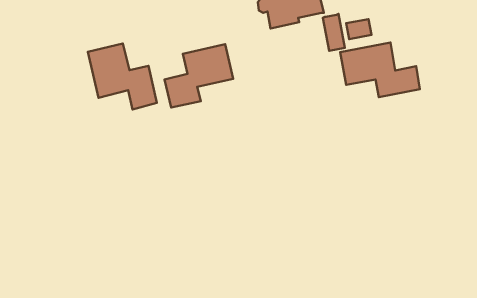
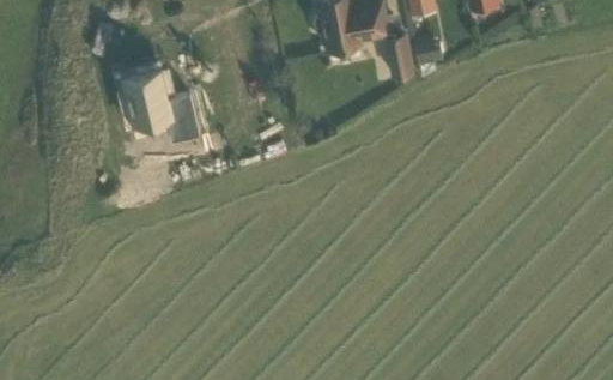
building: [340,43,420,97] -> none
building: [164,44,233,107] -> none

